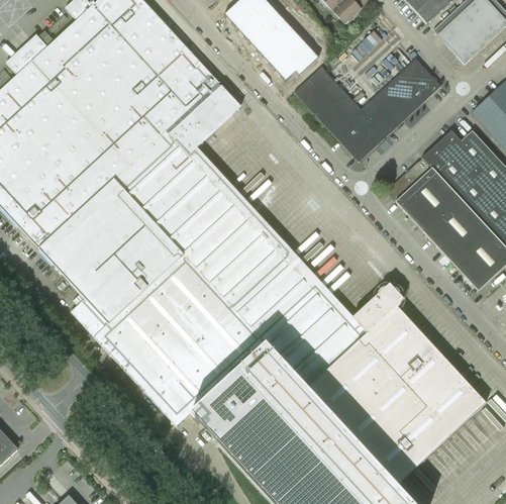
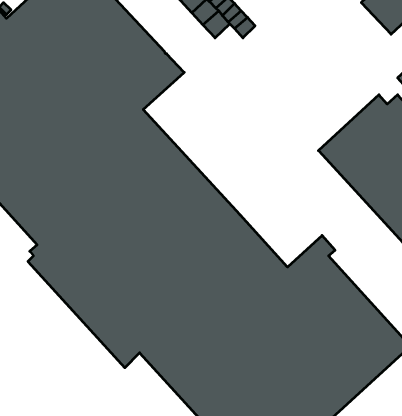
building: [274,54,304,84] -> none
building: [294,58,441,162] -> none

